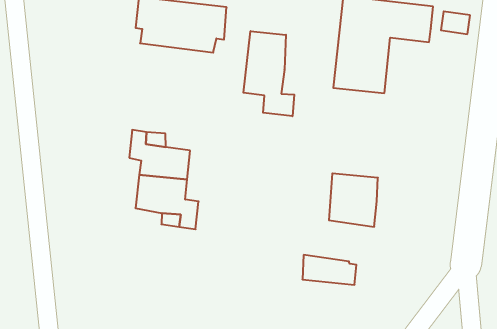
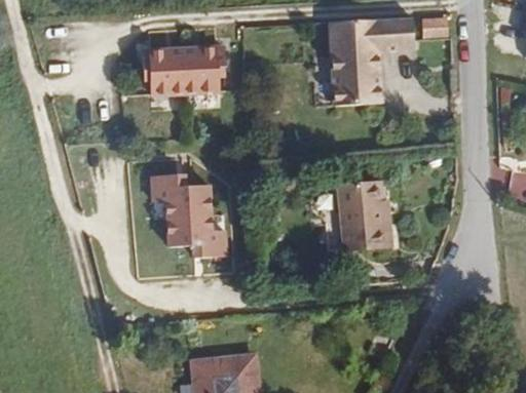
building: [243,31,294,116] -> none
building: [302,255,356,285] -> [344,227,394,249]

